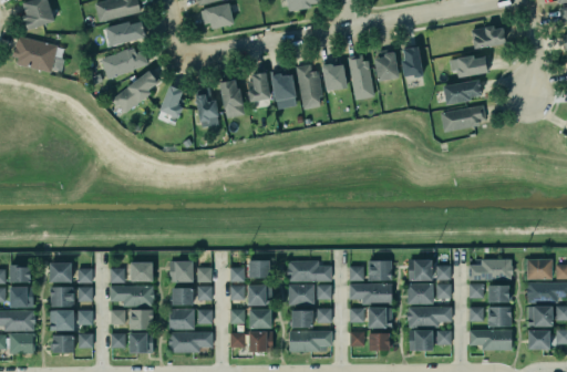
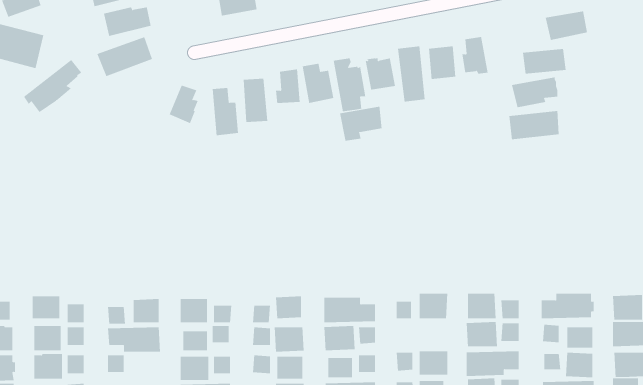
building: [112,69,161,113] -> [23,59,82,113]
building: none -> [339,106,382,142]
building: [349,282,390,302] -> none
building: [128,307,152,329] -> none

